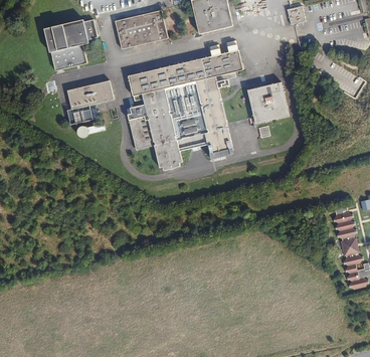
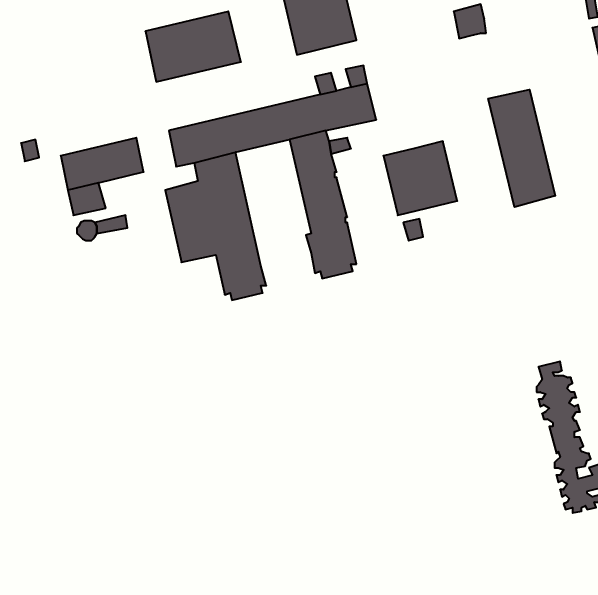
building: [43,19,98,69] -> none
building: none -> [488,90,555,207]
building: [165,80,207,151] -> none

